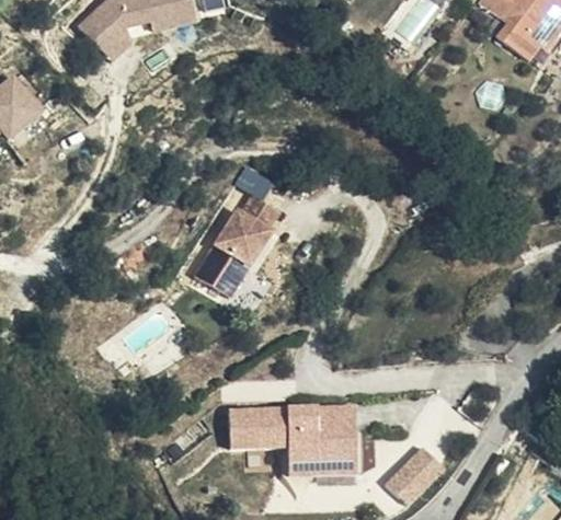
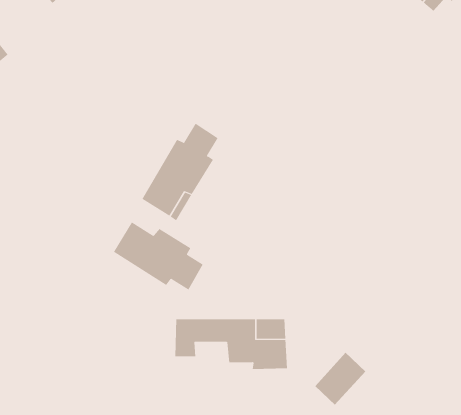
building: none -> [113,221,203,290]
building: [254,432,319,475] -> none

